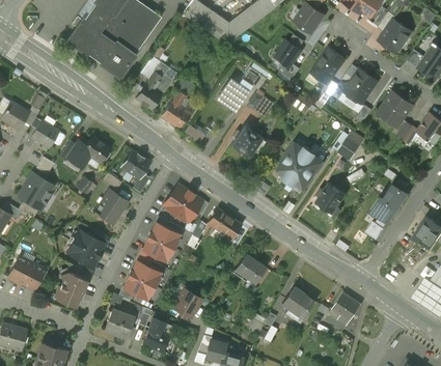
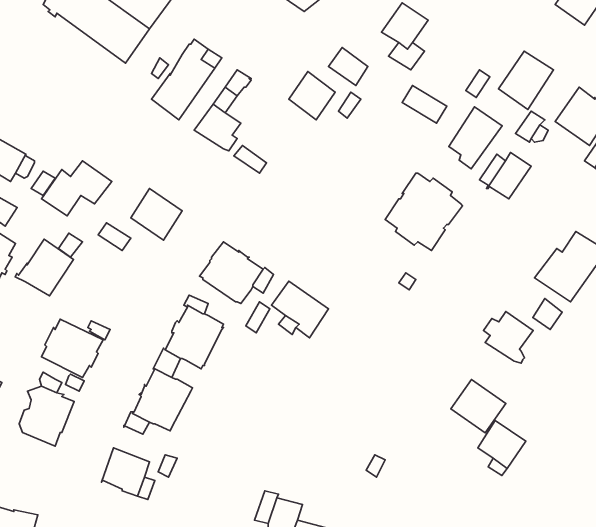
building: [312,47,344,84] -> [449,107,502,169]
building: [230,126,265,157] -> none
building: [314,184,344,215] -> [483,311,533,363]
building: [91,190,127,224] -> [15,239,74,296]
building: [231,255,264,283] -> none
building: [280,287,313,319] -> [451,380,506,433]
building: [172,291,201,317] -> none
building: [142,317,172,353] -> none

